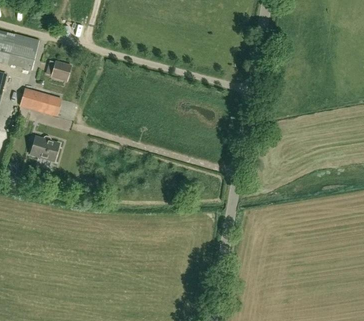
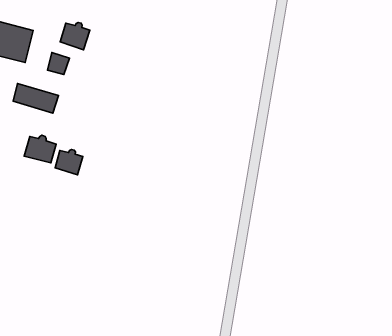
building: none -> [60,22,90,50]
building: none -> [55,149,83,175]

